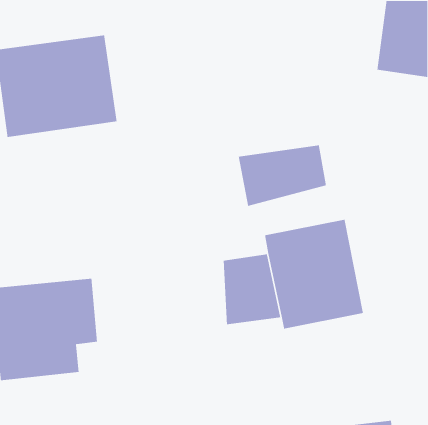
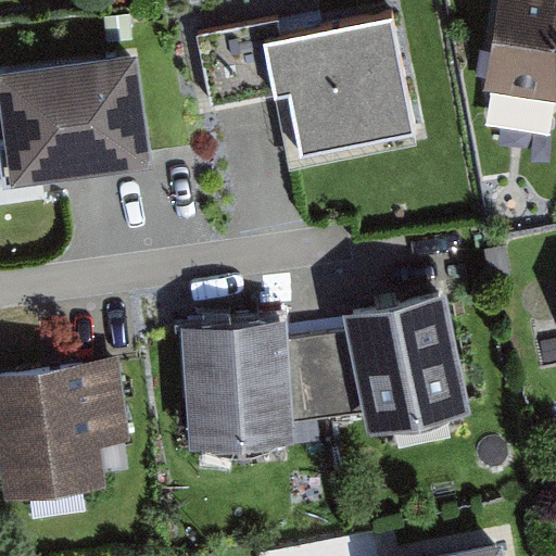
building: none -> [207,22,418,164]
building: [238,144,327,207] -> none
building: none -> [179,320,292,450]

